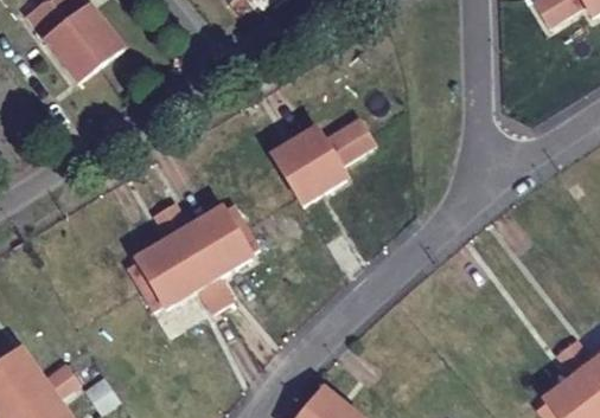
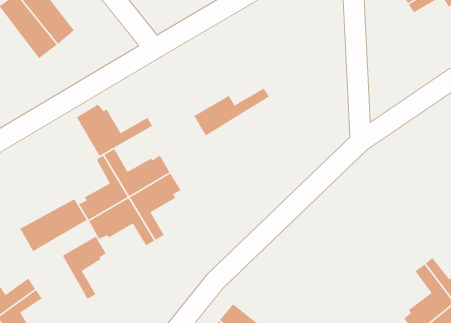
building: [288,129,375,202] -> none
building: none -> [76,103,153,157]
building: none -> [19,198,88,252]
building: none -> [62,235,107,300]

